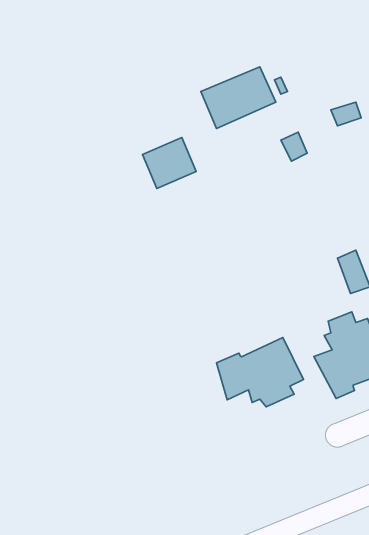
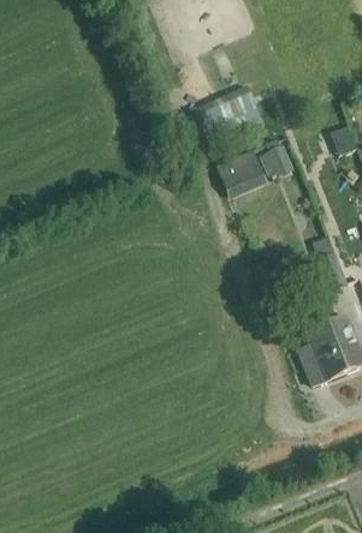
building: [142,137,196,189] -> [216,150,266,197]
building: [216,337,303,407] -> none

